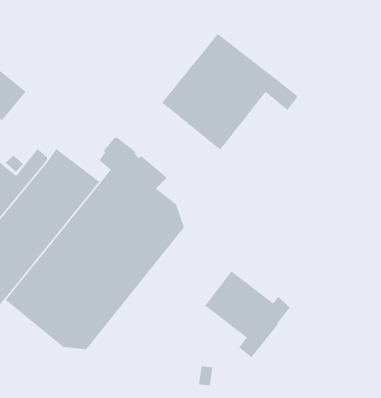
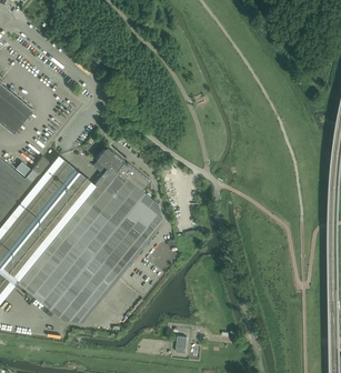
building: [161,33,297,151] -> none
building: [204,270,290,359] -> none

